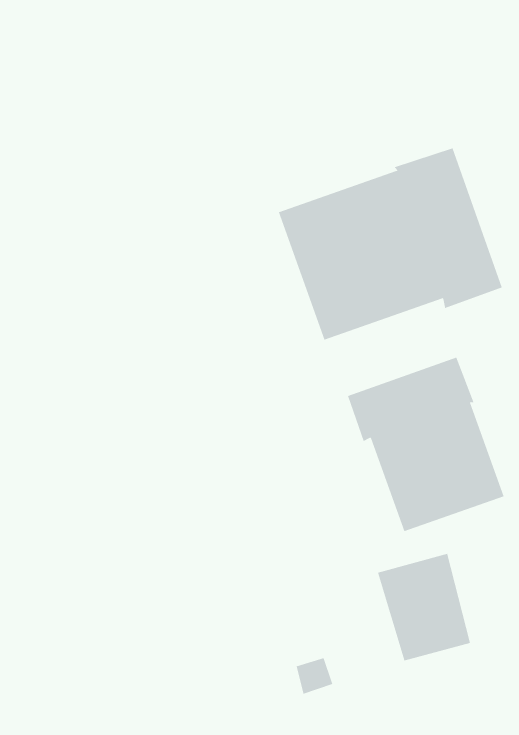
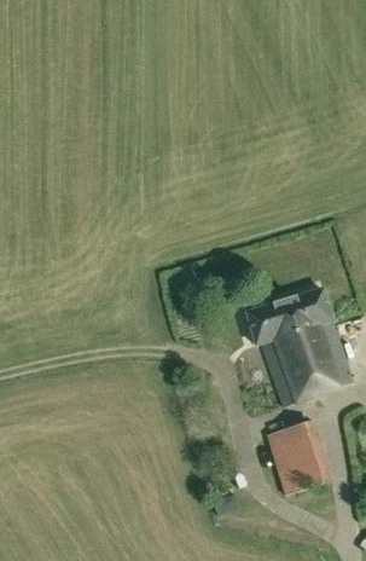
building: [278,148,503,341] -> none

